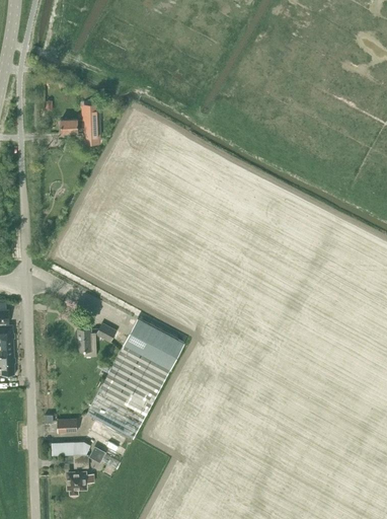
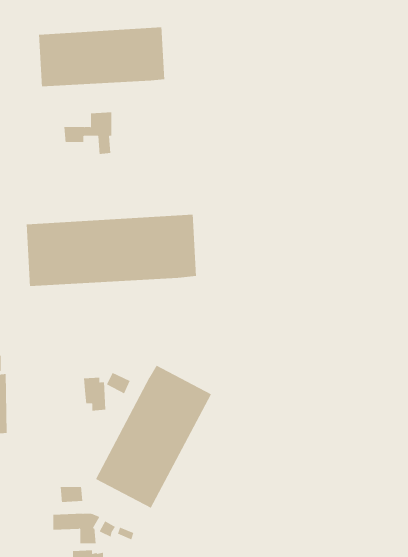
building: none -> [39,27,165,87]
building: none -> [26,214,197,287]

